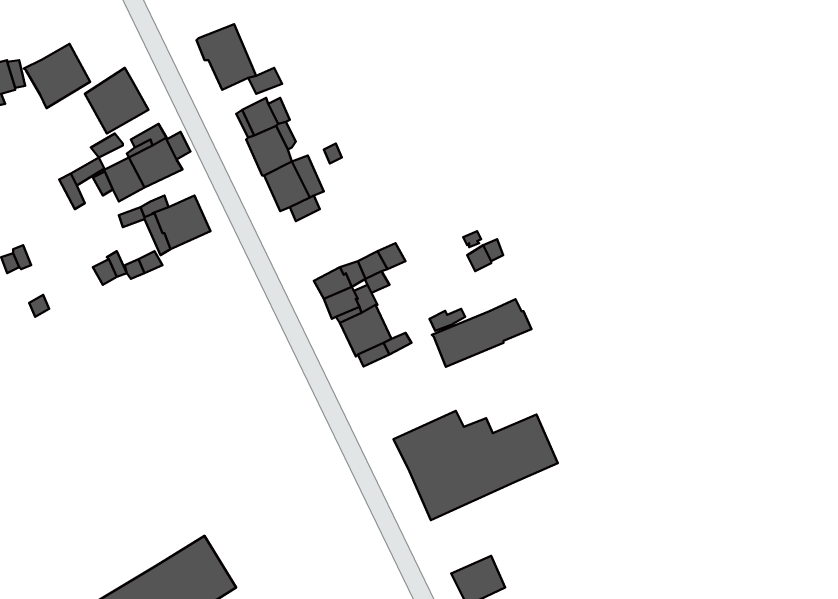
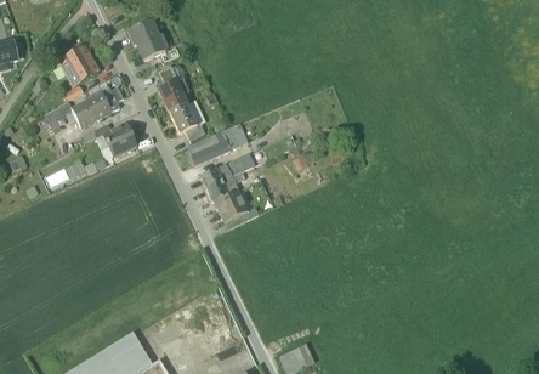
building: [24,44,90,108] -> none
building: [432,299,531,367] -> [188,123,249,164]
building: [393,411,558,520] -> none

